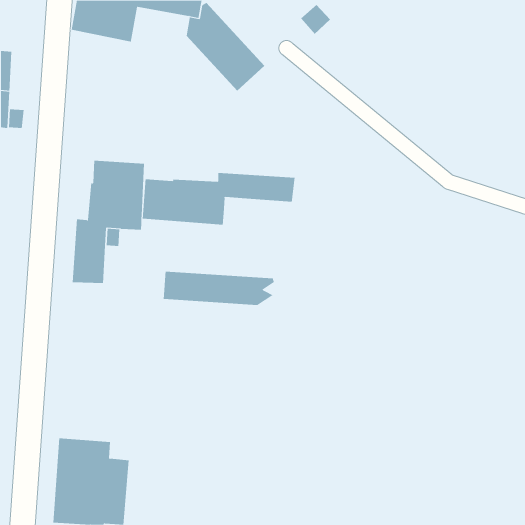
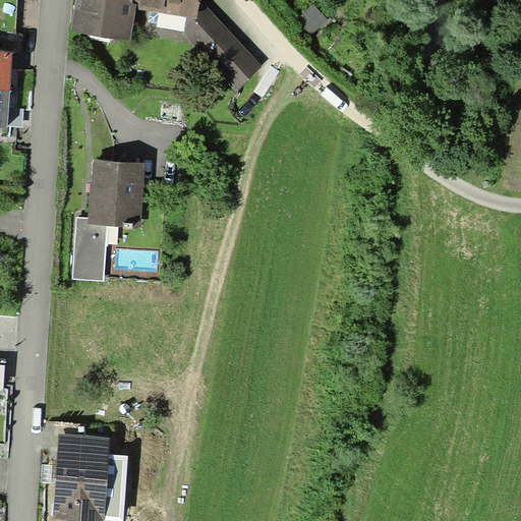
building: [142,172,295,226] -> none
building: [163,271,275,306] -> none

